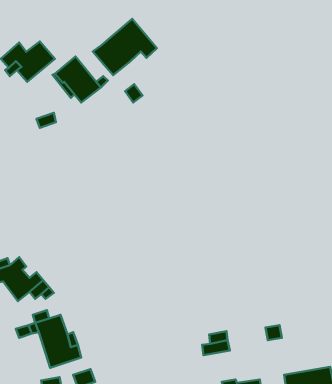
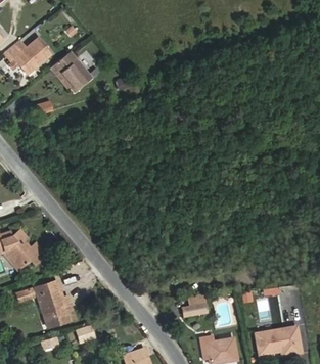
building: [93,19,157,75] -> none

